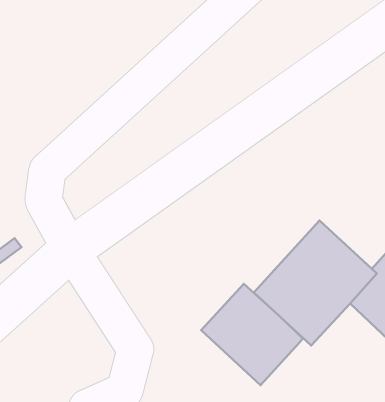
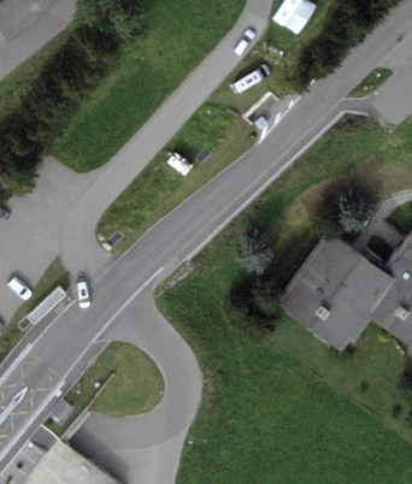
building: [201,284,303,385] -> none

